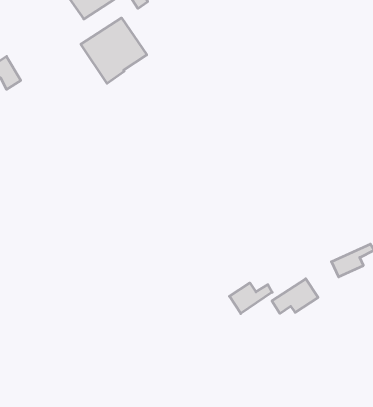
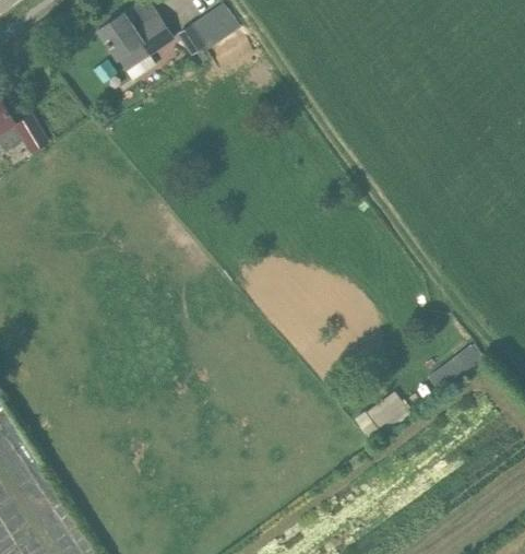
building: [81,18,147,83] -> none
building: [229,283,272,314] -> none

